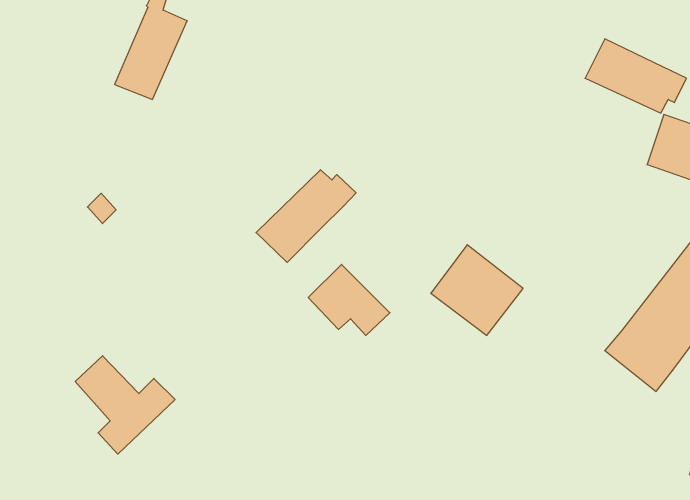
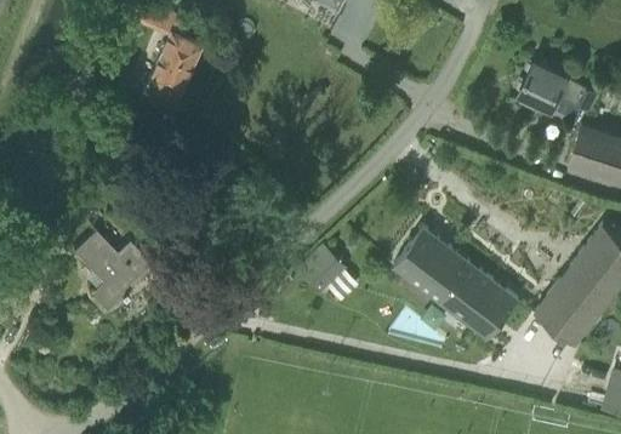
building: [256,170,356,262] -> none
building: none -> [439,263,518,339]
building: [75,356,175,454] -> [73,233,153,312]

